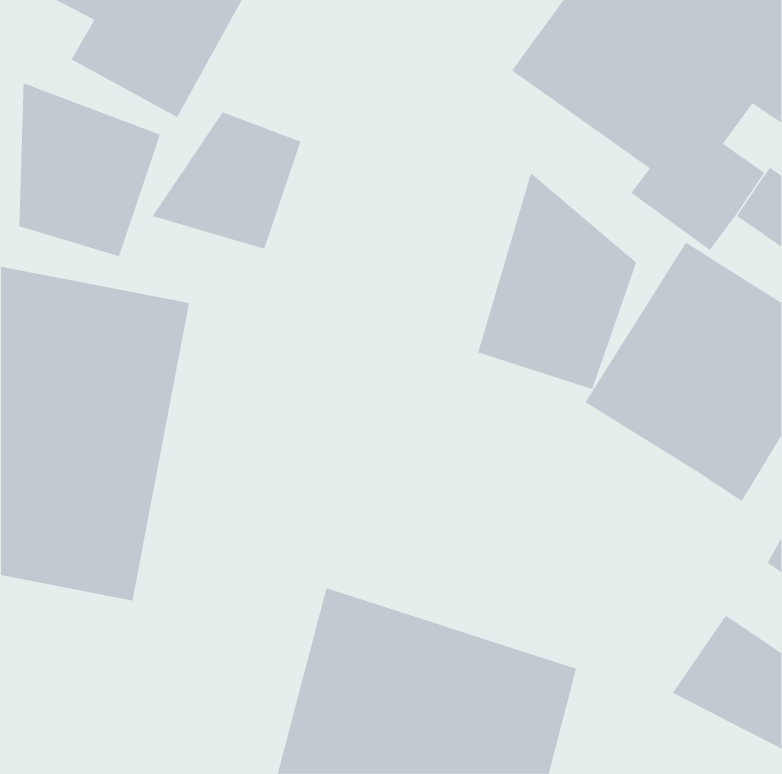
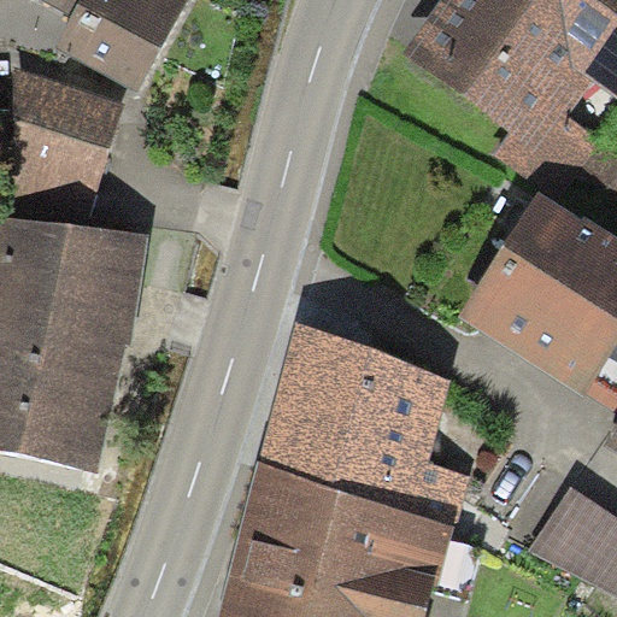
building: [152,112,301,249] -> none
building: [478,172,637,390] -> none
building: none -> [257,327,469,527]

